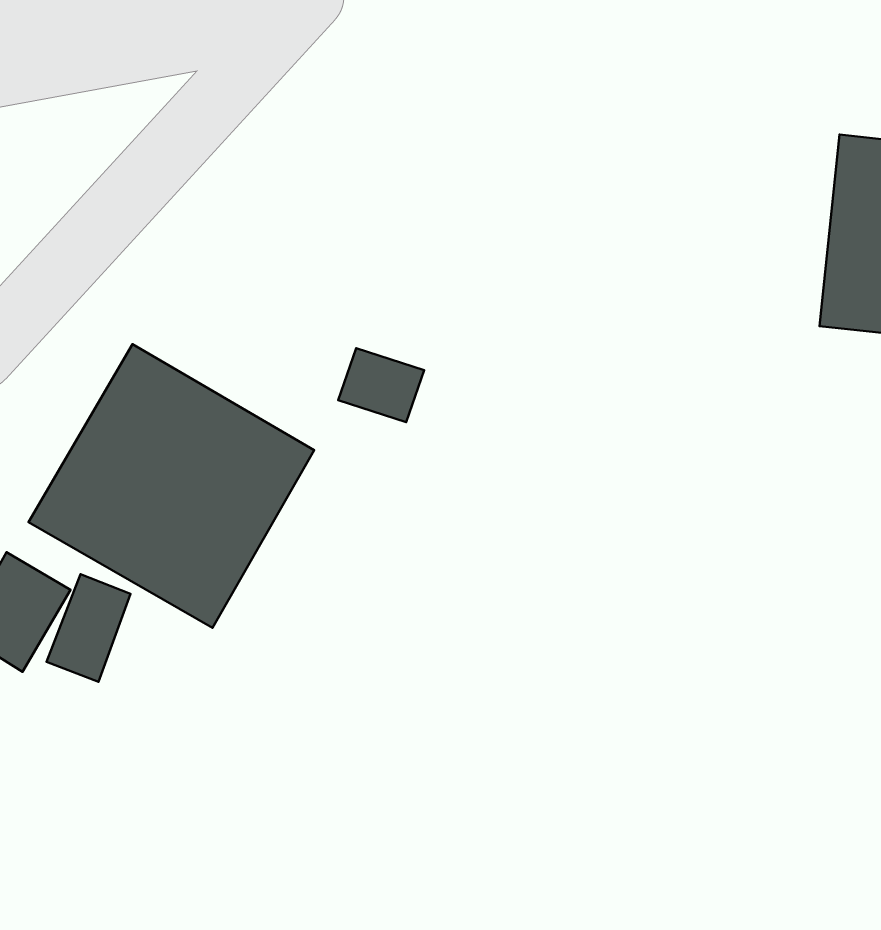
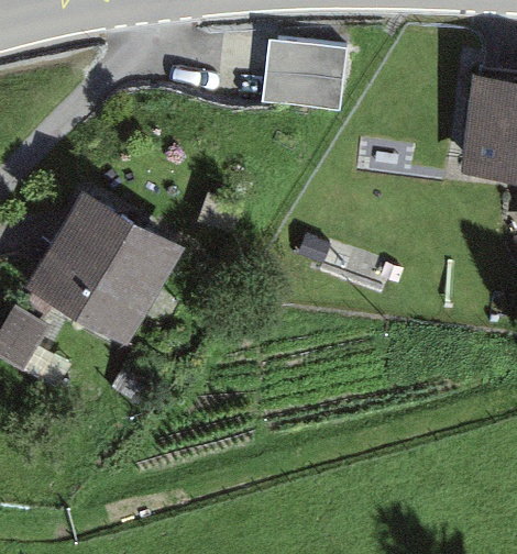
building: none -> [262,40,348,112]

